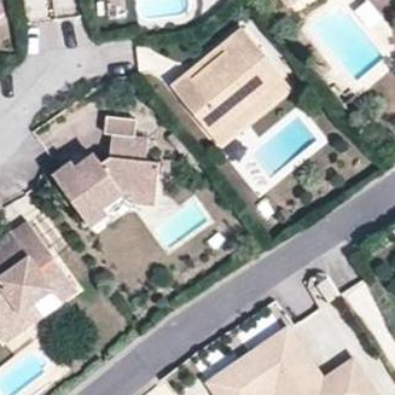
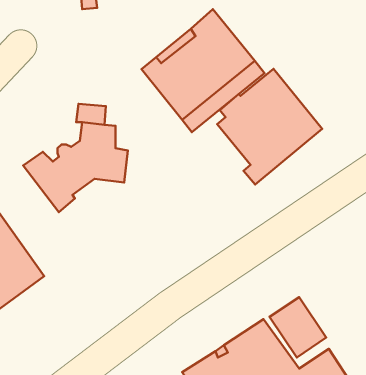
building: none -> [217,69,322,184]

